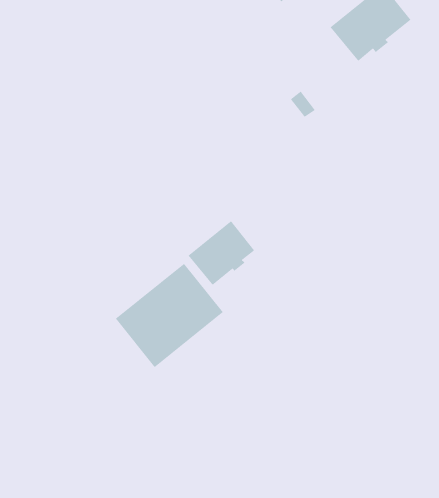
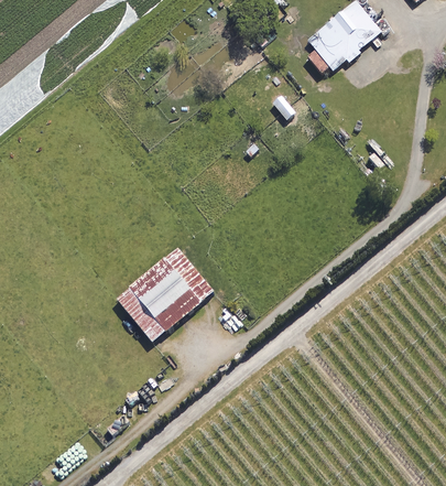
building: [187,220,255,286] -> none

